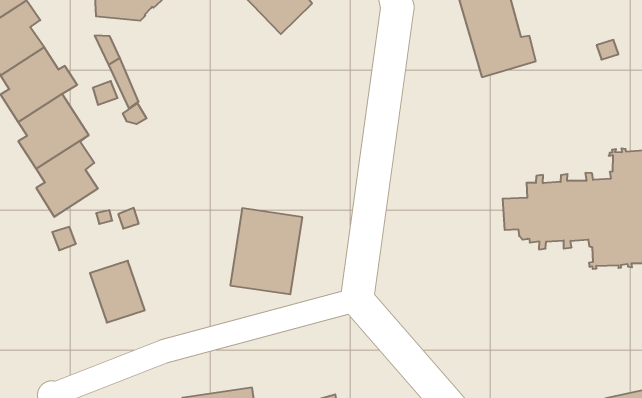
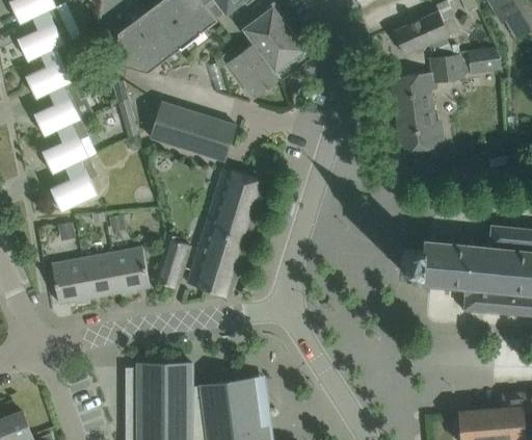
building: none -> [150,101,237,160]
building: none -> [205,169,267,239]
building: none -> [155,235,190,287]
building: none -> [112,248,150,294]
building: none -> [52,258,89,304]

